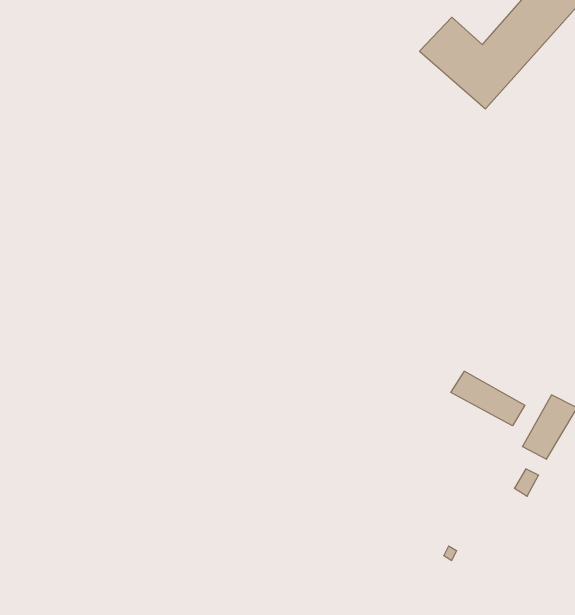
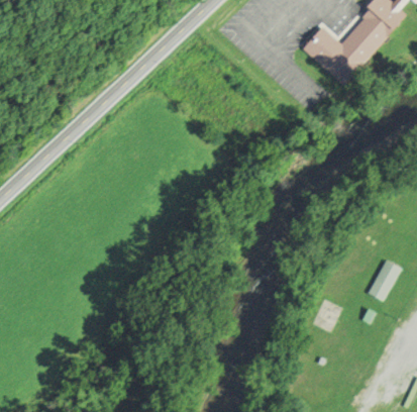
building: [451,371,525,426] -> none

